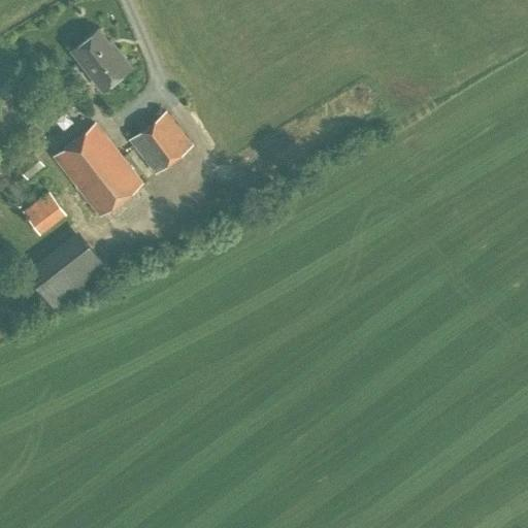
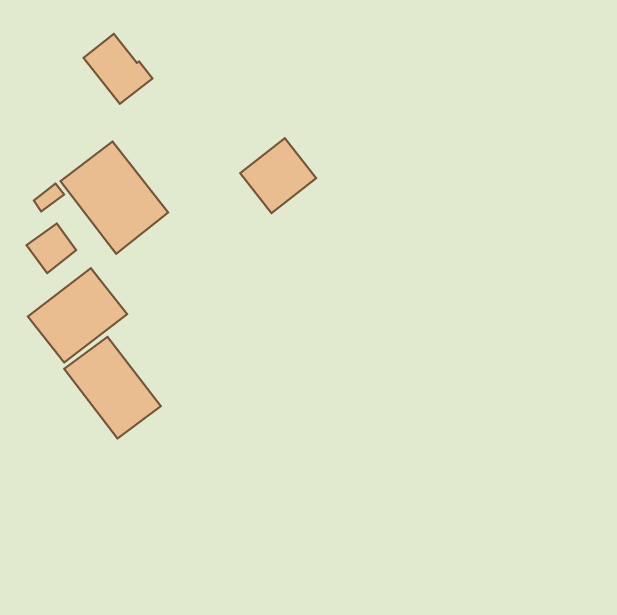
building: [129,111,194,175] -> [240,138,316,213]
building: none -> [64,337,161,438]

